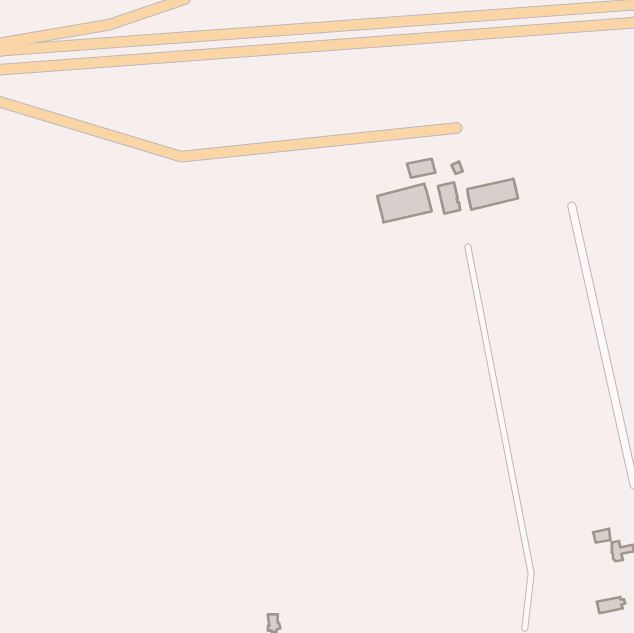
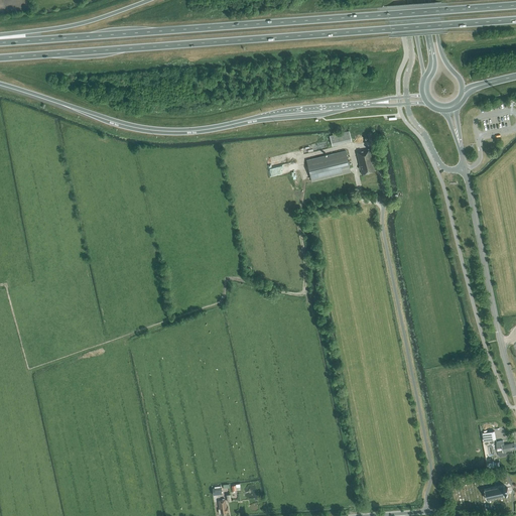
building: [467,179,518,210] -> none

